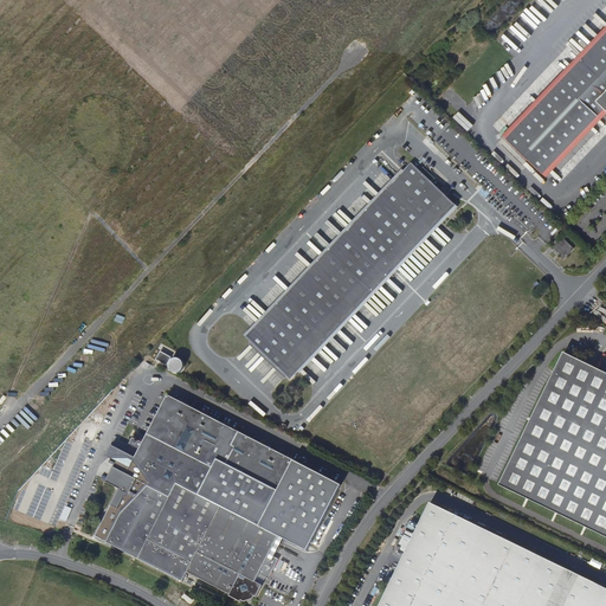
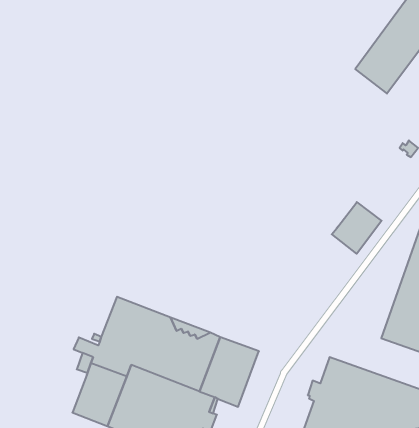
building: [246,163,457,379] -> none
building: none -> [332,202,382,254]

